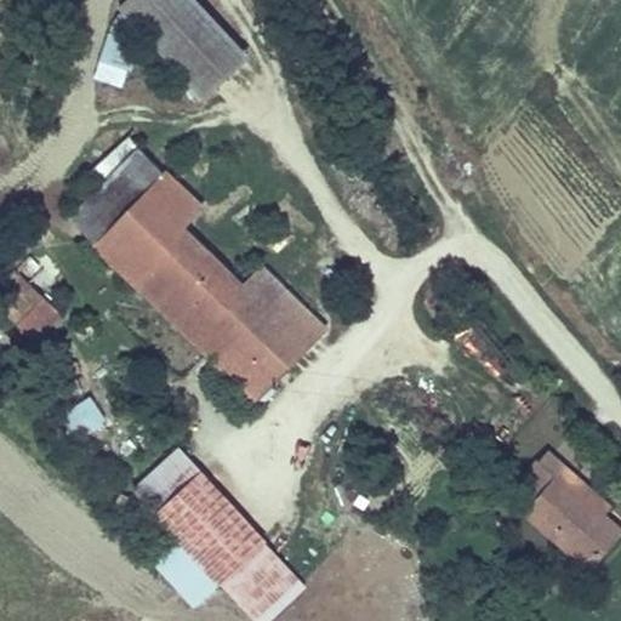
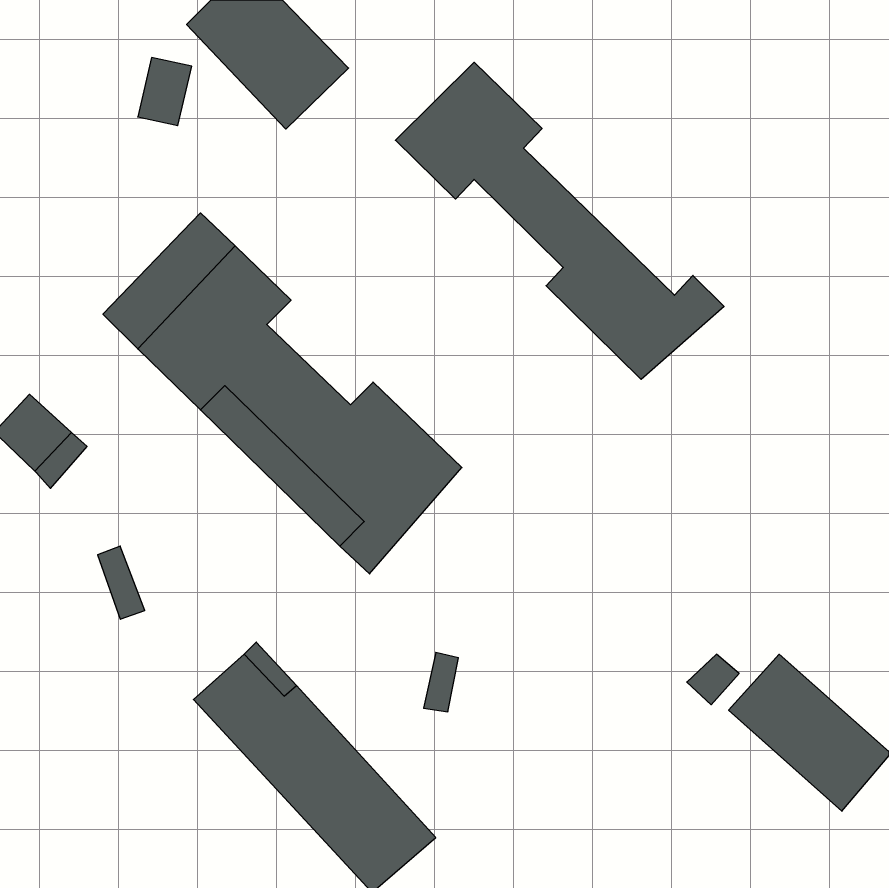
building: none -> [395,62,724,379]

